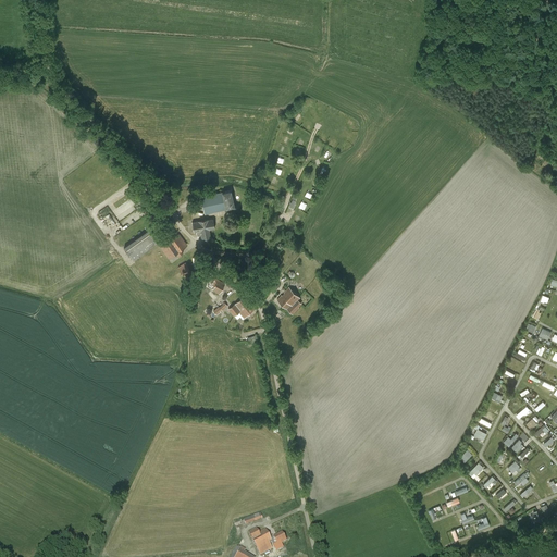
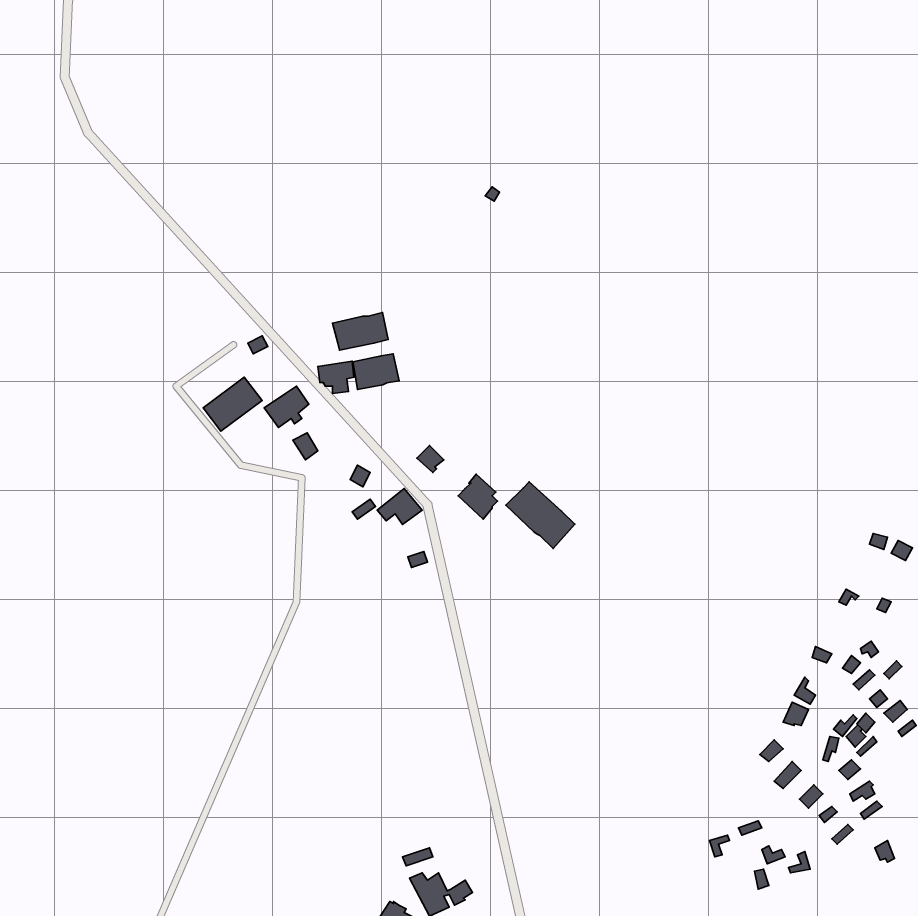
building: none -> [353,354,399,389]
building: none -> [506,482,575,548]

